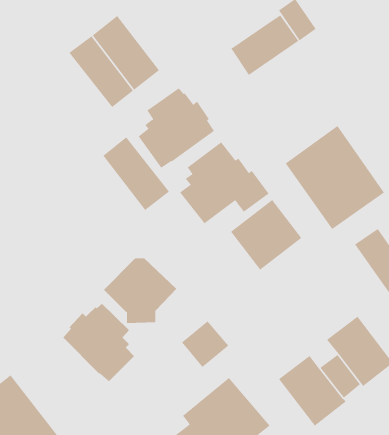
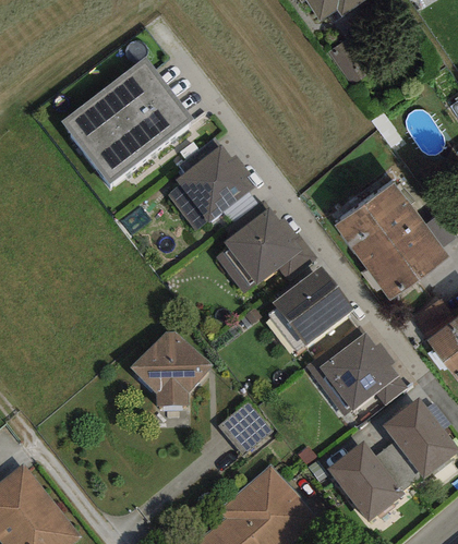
building: [230,14,299,76] -> none
building: [102,137,170,211] -> [62,100,138,184]
building: none -> [303,325,407,419]
building: [62,303,135,382] -> none

